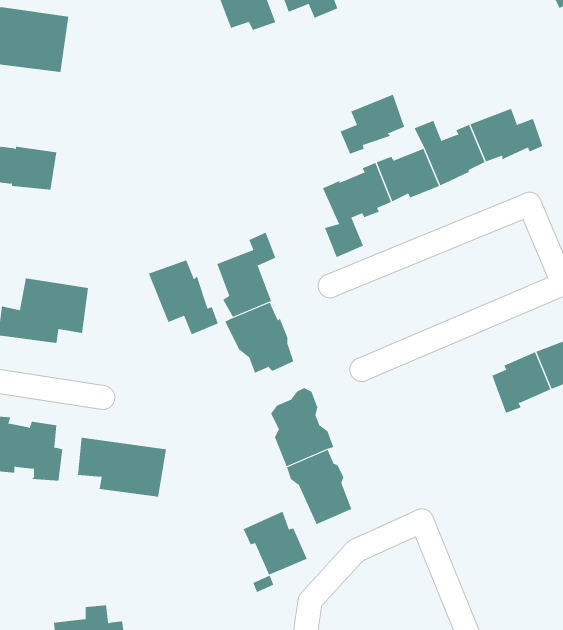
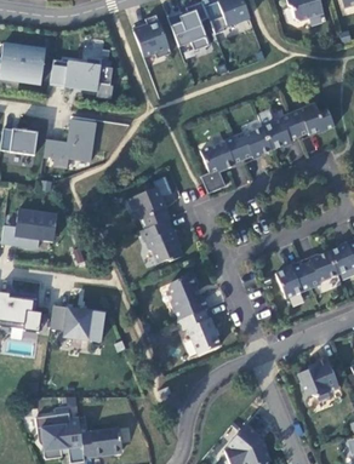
building: none -> [50,56,112,91]
building: [340,94,405,154] -> none
building: none -> [50,119,96,161]
building: [148,259,218,335] -> none
building: none -> [275,267,310,299]
building: [243,511,308,575] -> none
building: none -> [297,359,338,401]

